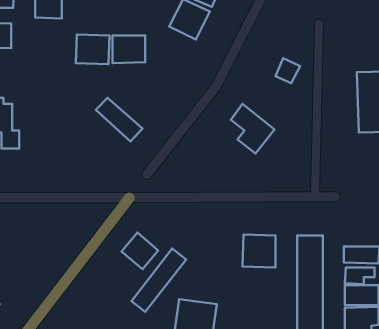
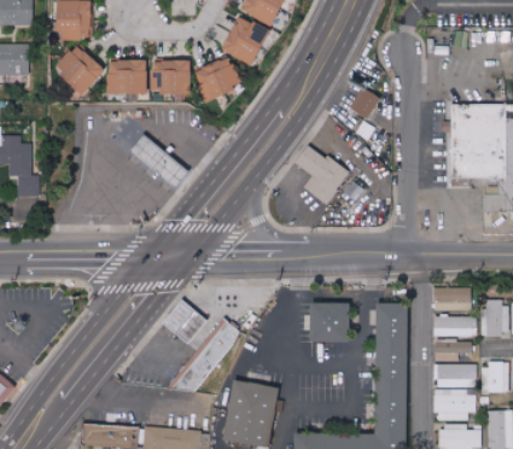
building: none -> [54,43,105,93]
building: none -> [194,53,243,100]
building: none -> [433,287,471,310]

